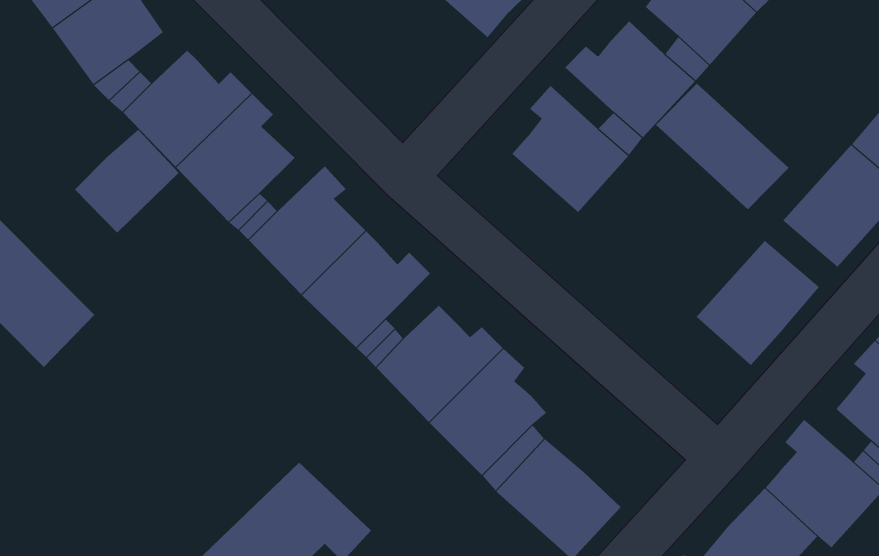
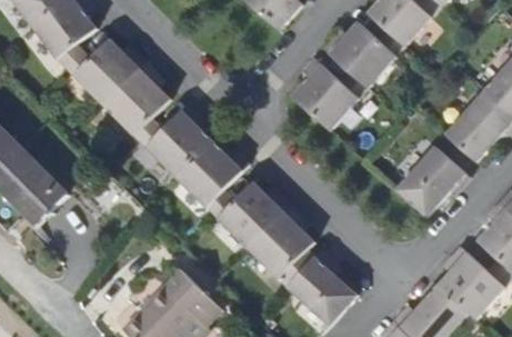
building: [655,83,789,210] -> none
building: [74,129,180,234] -> none

